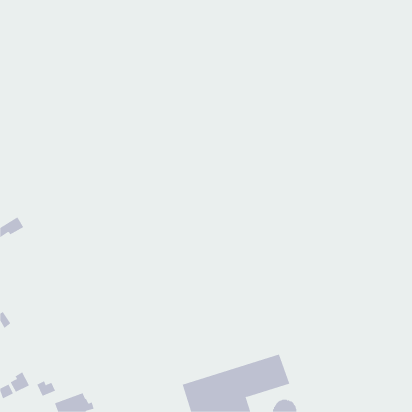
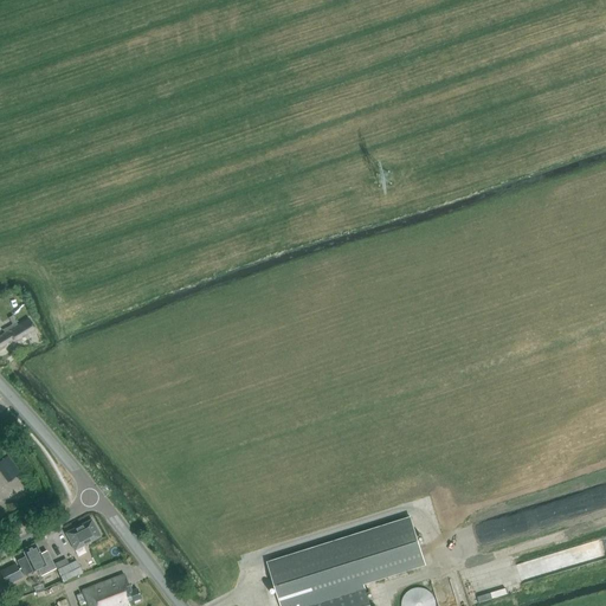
building: none -> [64,518,99,550]

